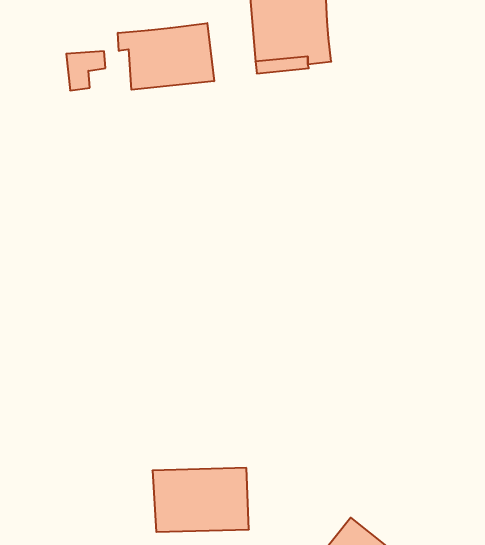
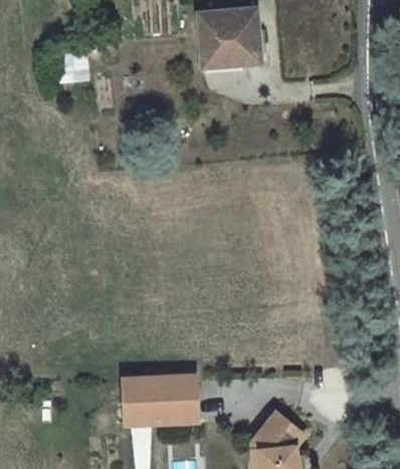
building: [118,23,214,90] -> none

